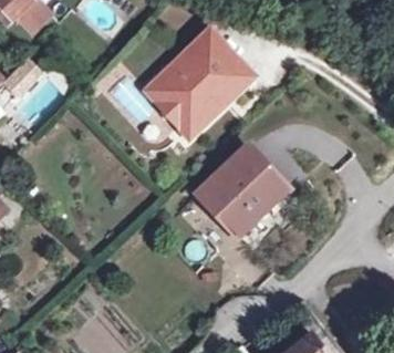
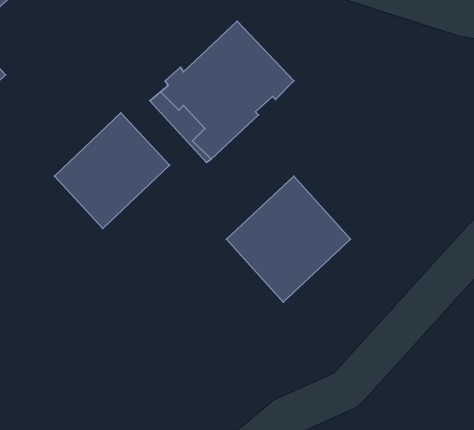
building: none -> [54,113,169,228]

